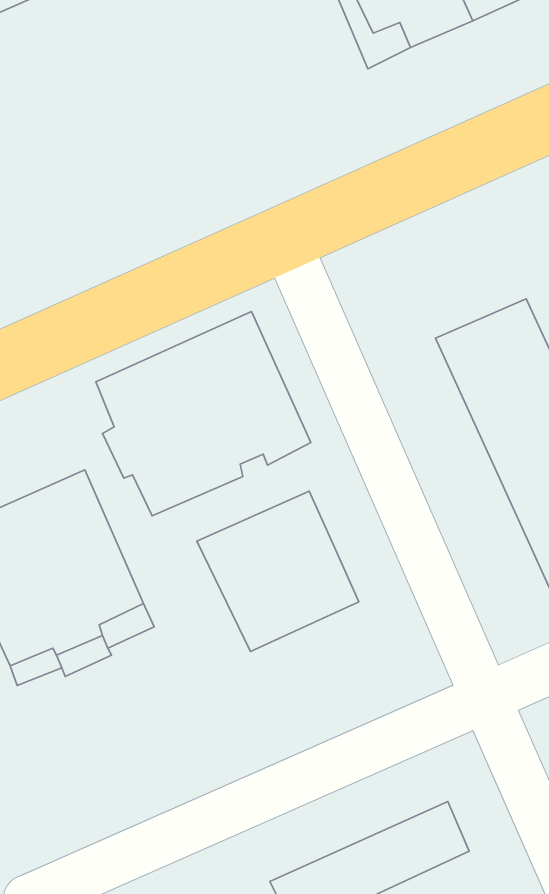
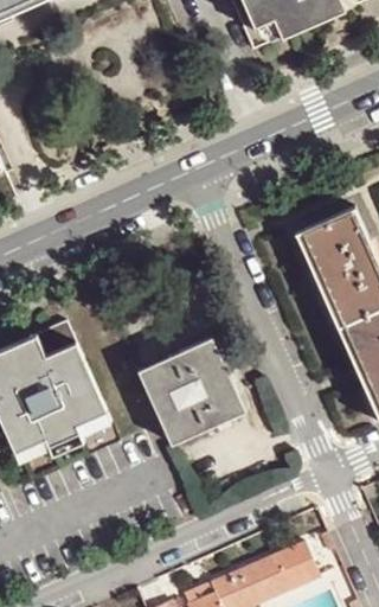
building: [96,311,311,516] -> none

